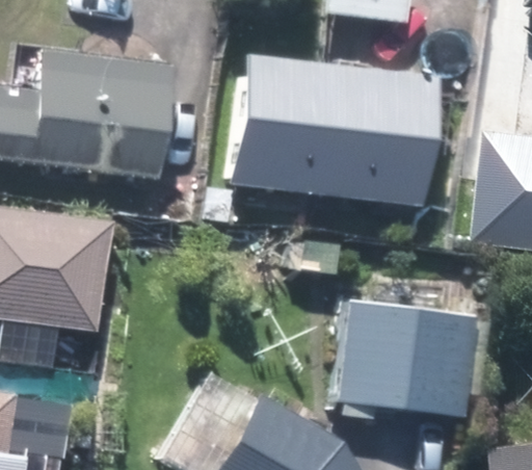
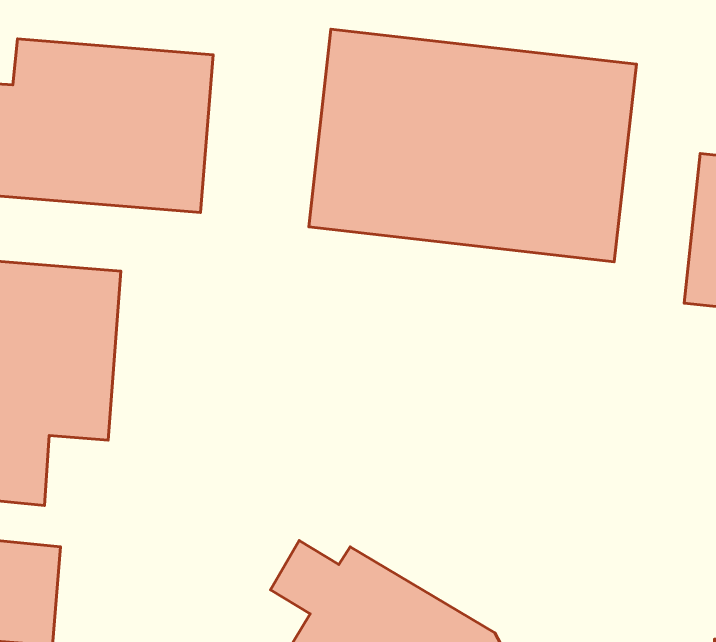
building: [332,304,482,416] -> none

